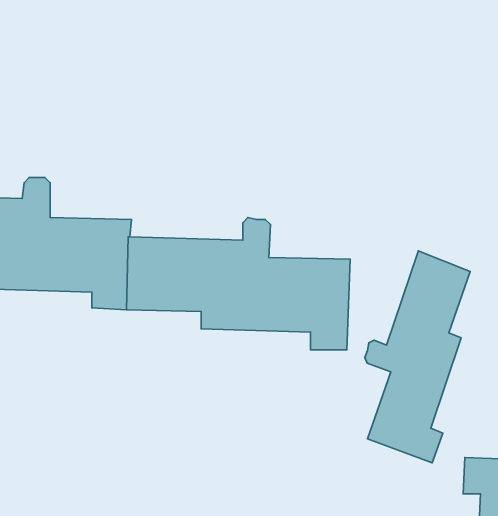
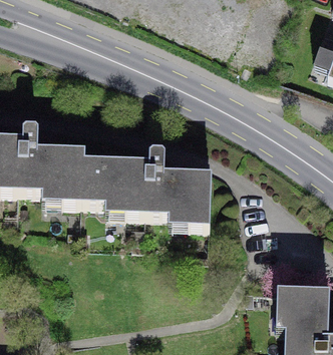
building: [365,251,470,463] -> none

